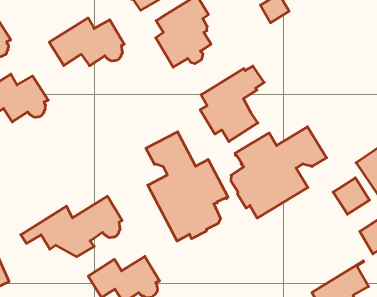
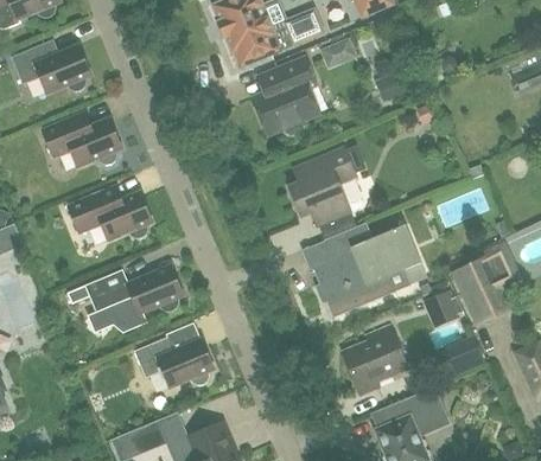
building: [49,18,124,66] -> [69,186,152,239]
building: [146,132,228,241] -> none
building: none -> [345,325,408,395]

